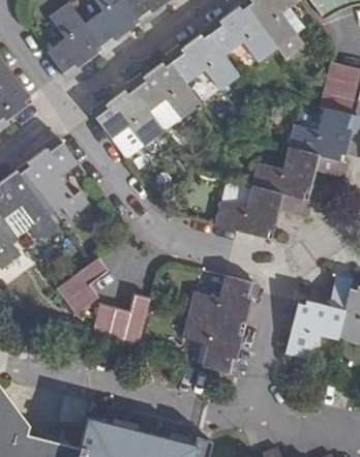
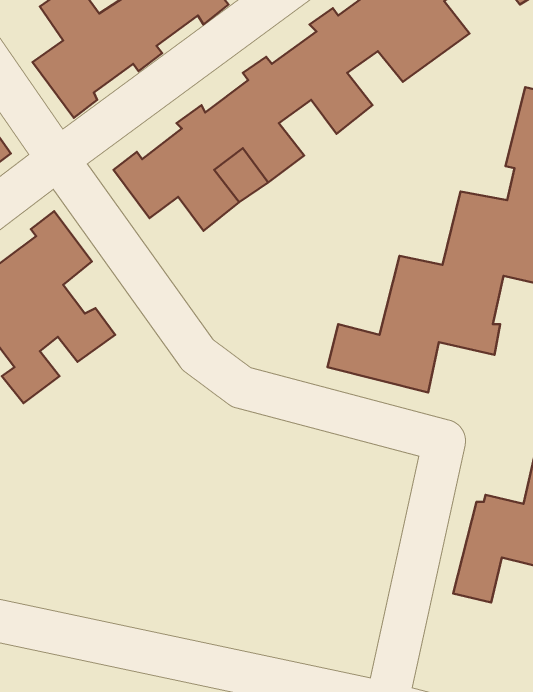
building: [55,257,107,315] -> none
building: [183,275,262,376] -> none
building: [91,293,150,351] -> none

